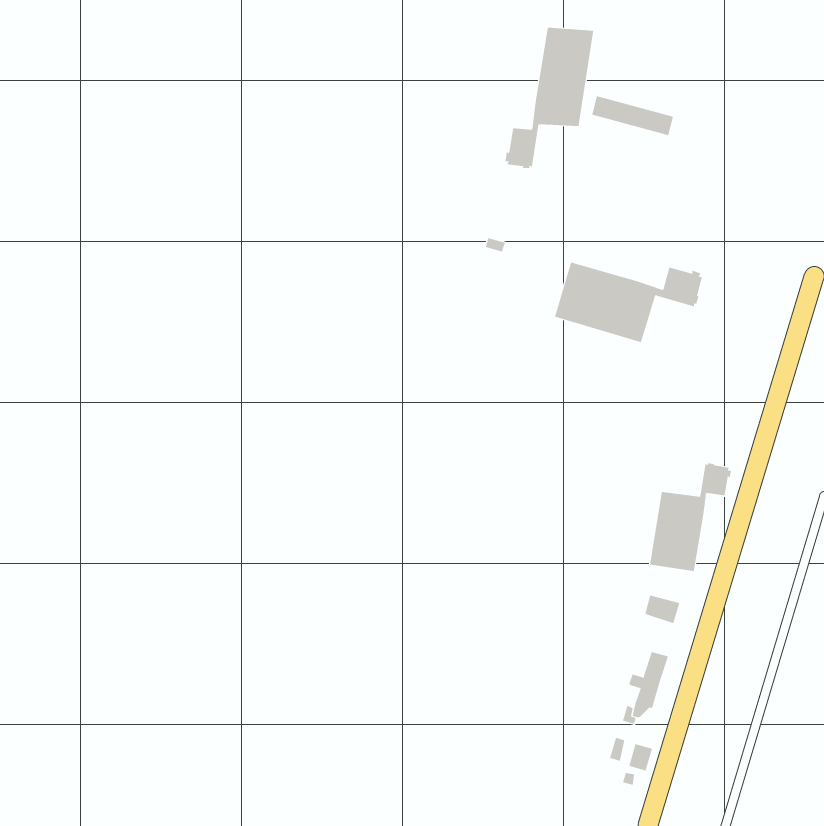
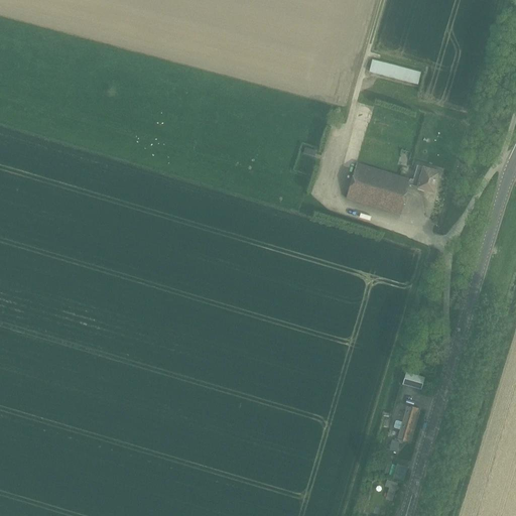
building: [505,27,594,169] -> none
building: [650,463,731,572] -> none

